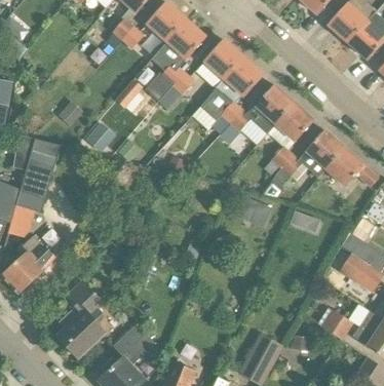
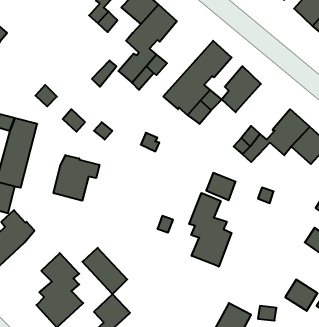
building: [204,39,243,78] -> none
building: [275,103,314,141] -> none
building: none -> [54,155,99,201]
building: none -> [189,193,232,267]
building: none -> [82,248,127,294]

